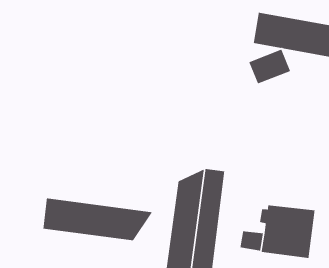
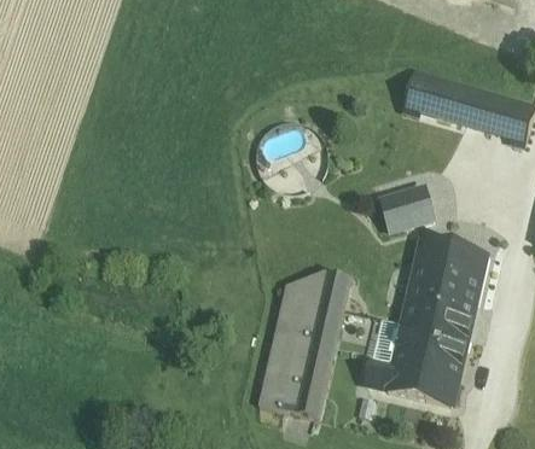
building: [248,49,291,85] -> [378,186,434,231]
building: none -> [403,239,485,338]
building: [42,197,153,241] -> none

